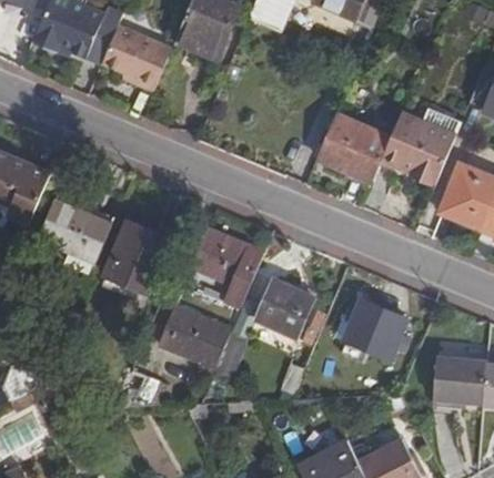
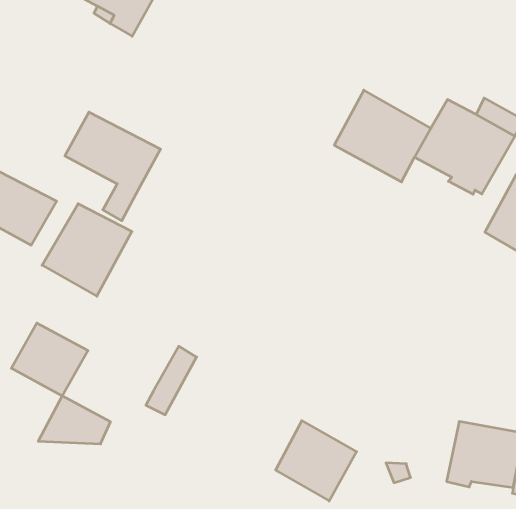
building: [191,230,263,309] -> [65,112,161,221]
building: [255,277,312,333] -> none
building: [343,298,403,357] -> [276,421,357,501]
building: [160,307,216,360] -> [11,323,88,396]

